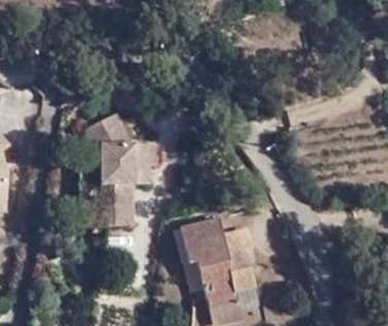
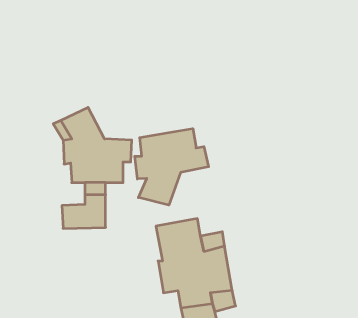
building: none -> [135,129,209,205]

